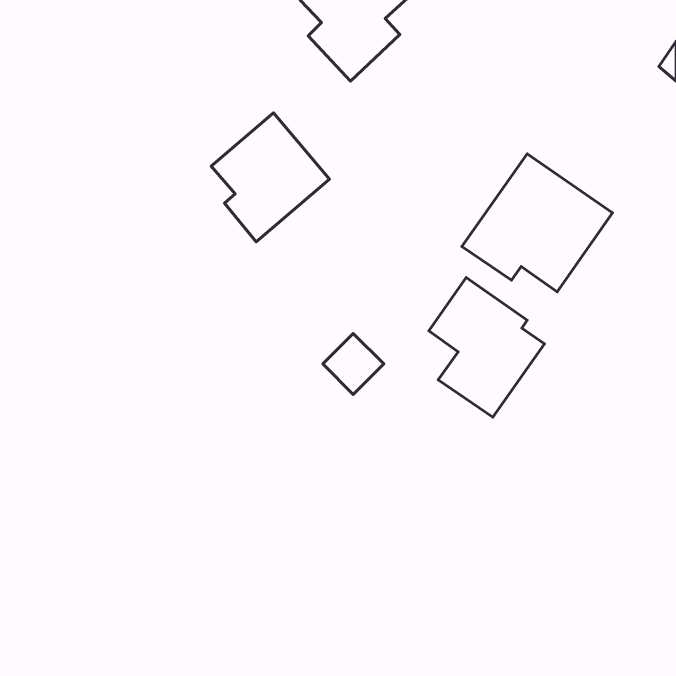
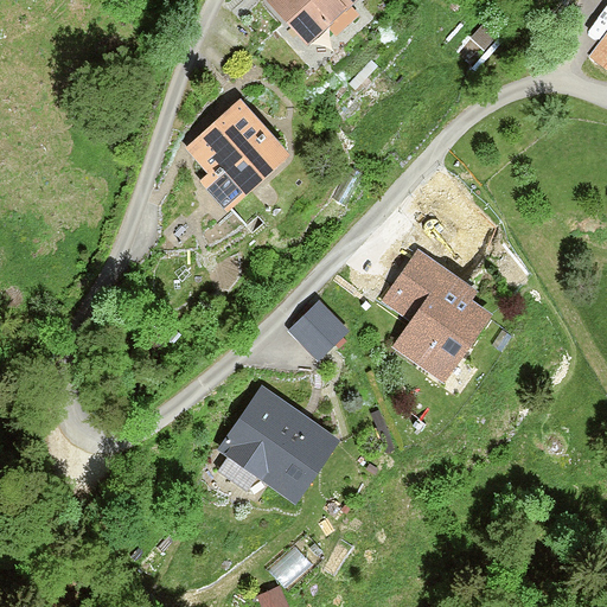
building: [462,154,612,292] -> none
building: none -> [218,386,344,506]

